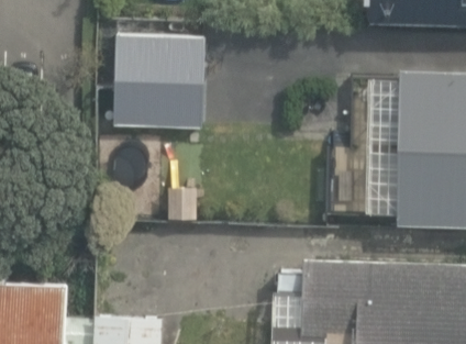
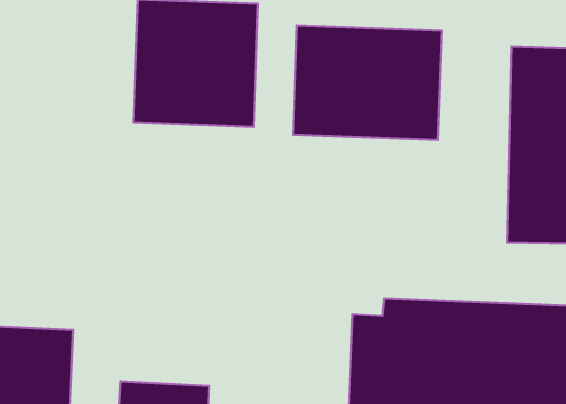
building: none -> [293,26,442,140]

